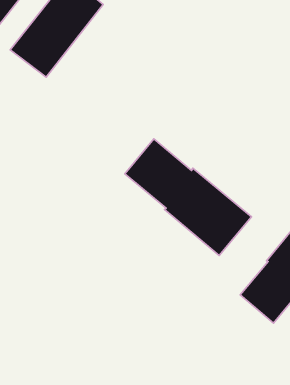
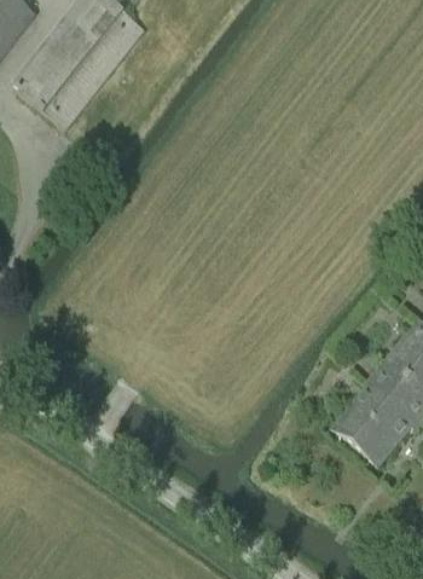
building: [125,139,251,255] -> none

